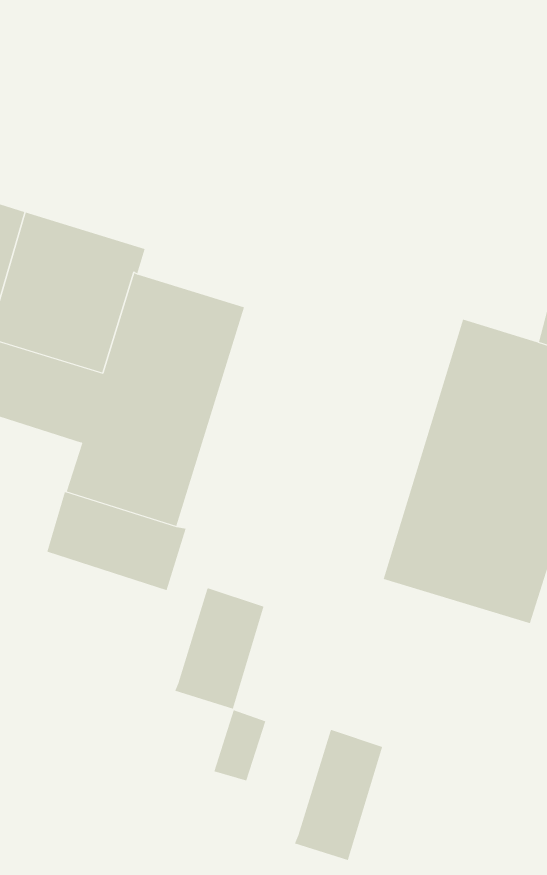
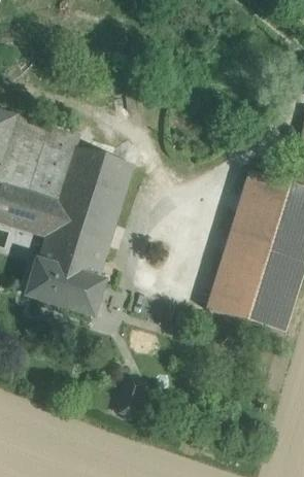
building: [174,587,264,709] -> none
building: [294,729,383,861] -> none

